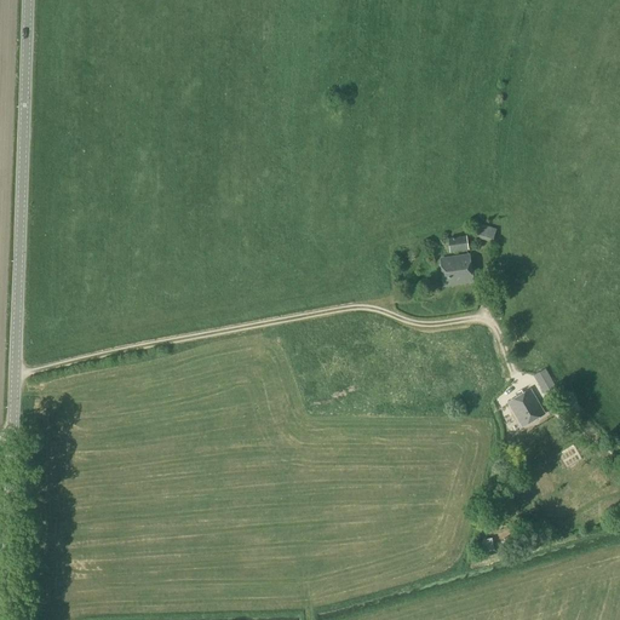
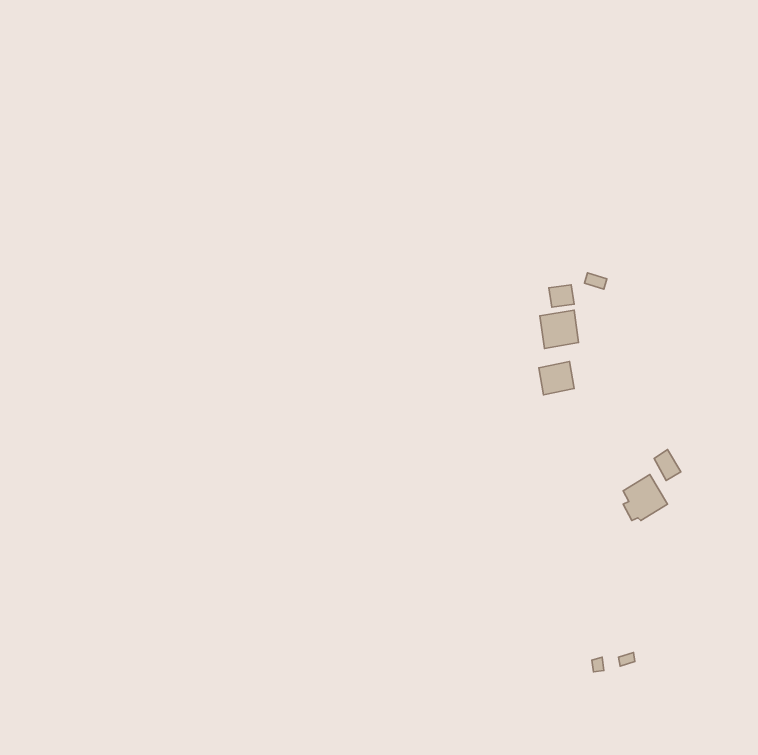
building: none -> [539,362,574,395]

